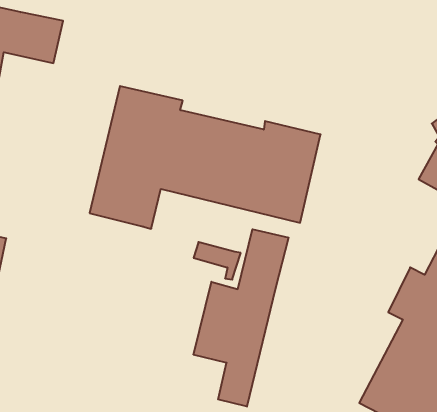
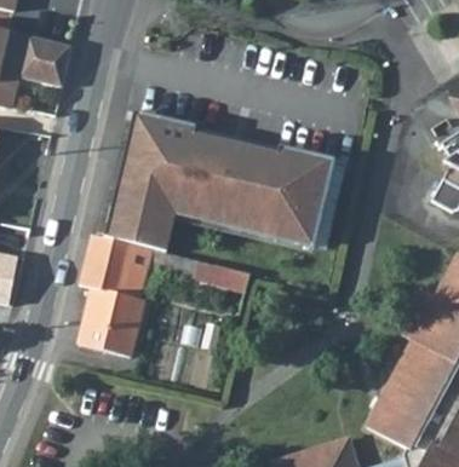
building: none -> [78,232,155,350]
building: [194,229,289,407] -> none

